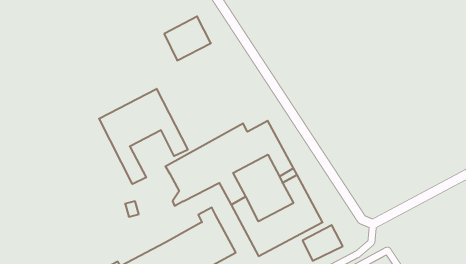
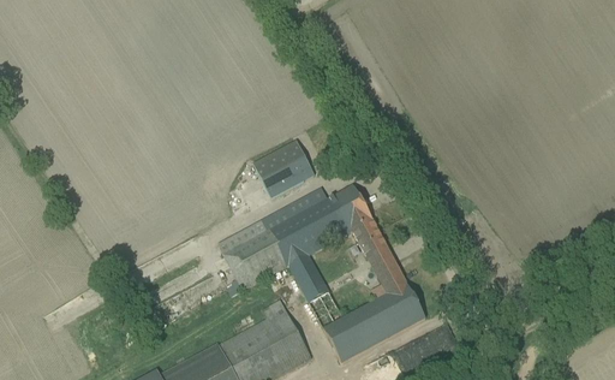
building: [164,16,211,60] -> [253,139,315,197]
building: [99,89,188,184] -> none

